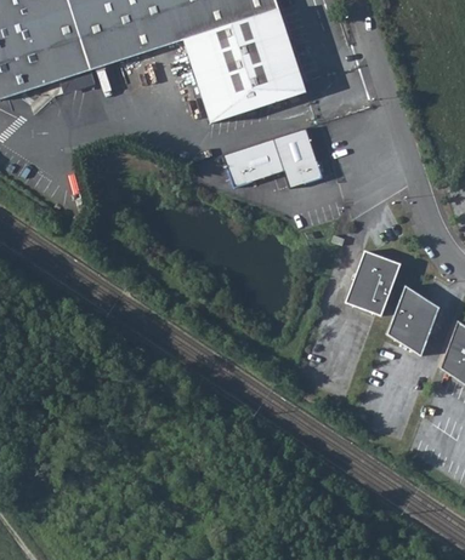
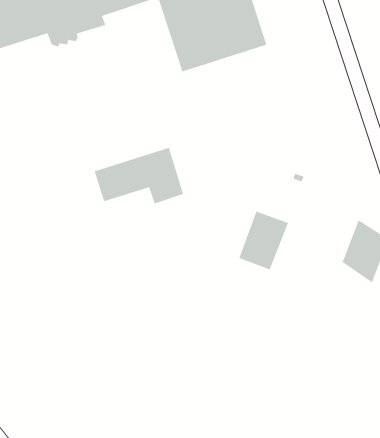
building: [225,128,324,192] -> [94,147,184,204]
building: [345,248,401,314] -> [238,211,289,270]

